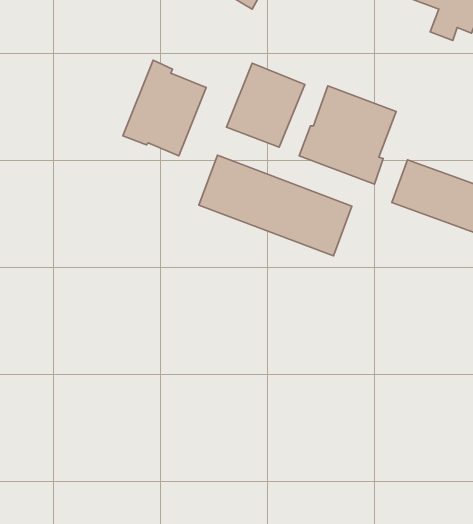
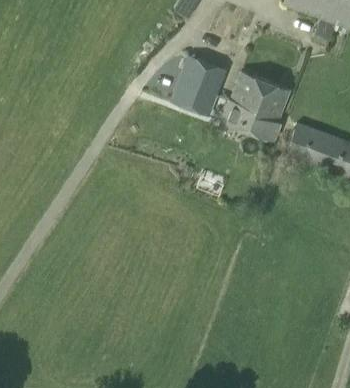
building: [123,60,206,156] -> none
building: [199,155,352,256] -> none

